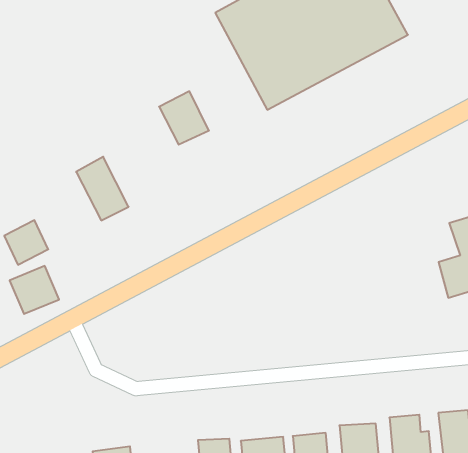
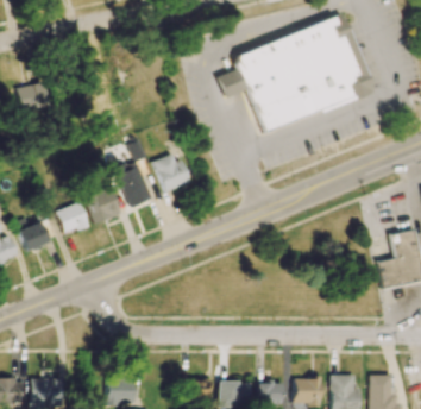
building: [159,91,209,145] -> [152,152,188,191]
building: [10,266,59,314] -> [84,188,120,222]

